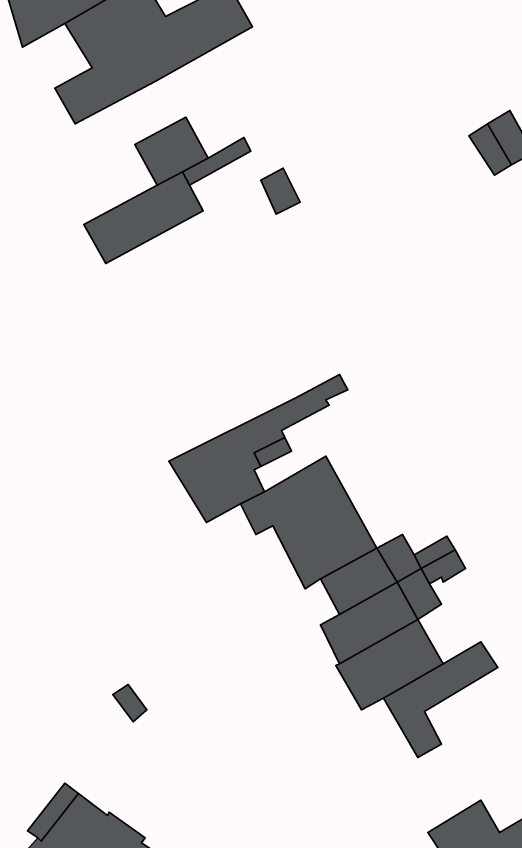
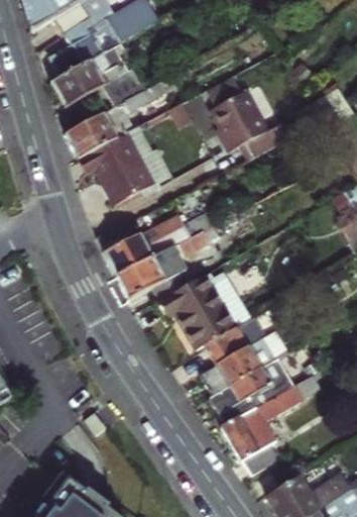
building: none -> [49,51,126,107]
building: none -> [208,76,294,162]
building: none -> [79,126,171,205]
building: none -> [97,216,191,277]
building: none -> [227,417,284,473]

